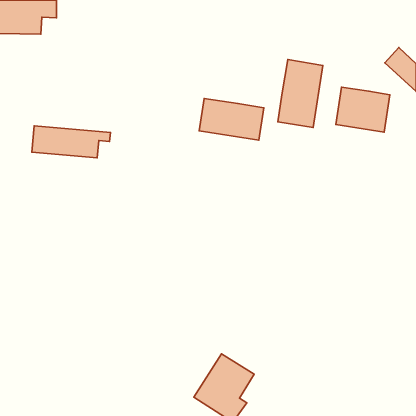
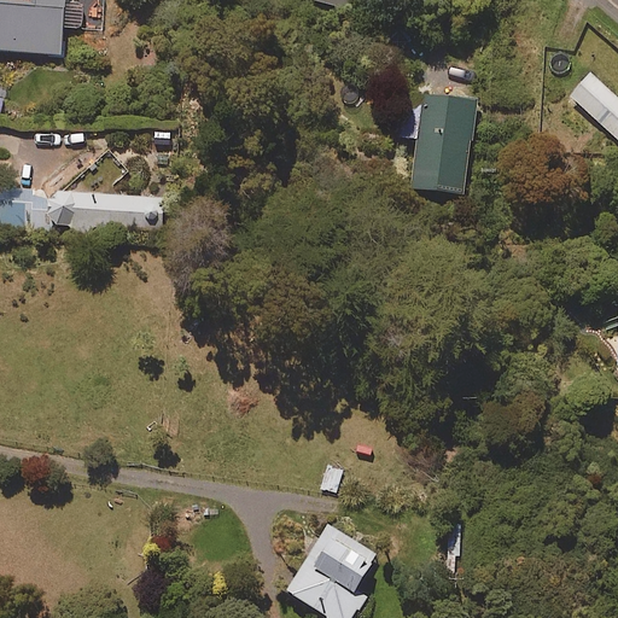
building: [336,87,390,132] -> none
building: [199,98,264,140] -> none

